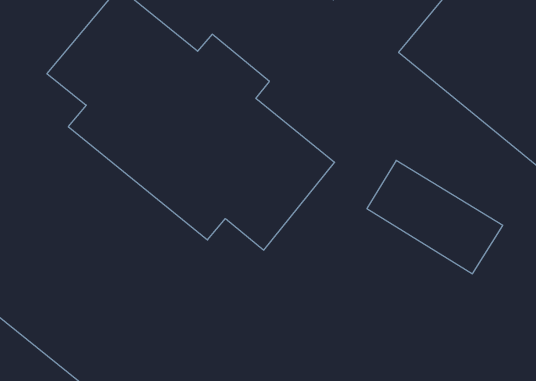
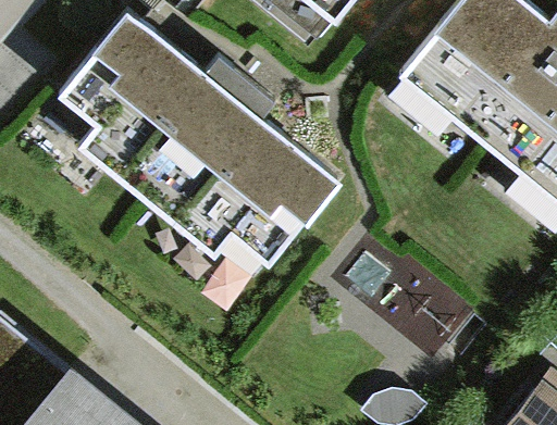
building: [367,160,503,274] -> [347,242,479,352]

